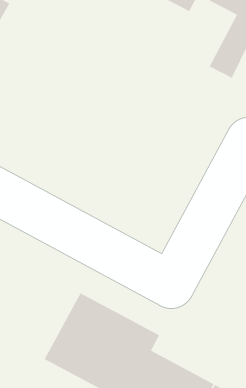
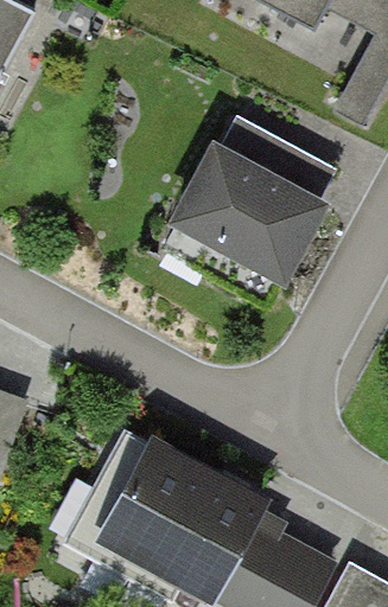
building: none -> [185,149,331,282]

